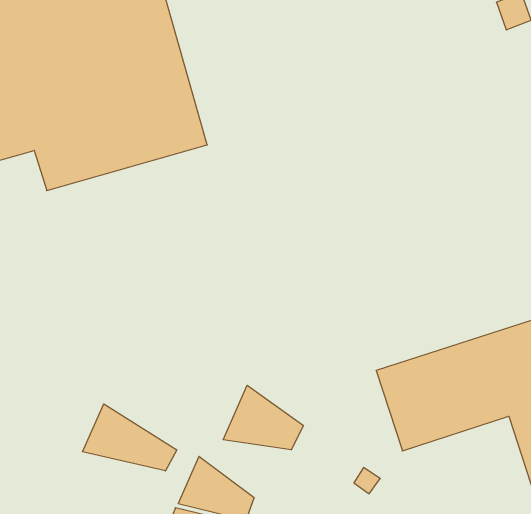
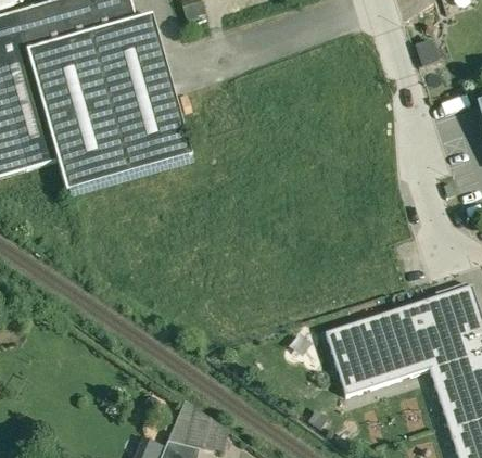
building: [223,385,303,450] -> none
building: [83,404,177,471] -> none

